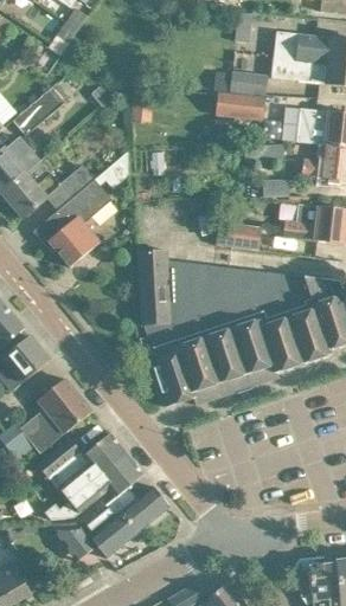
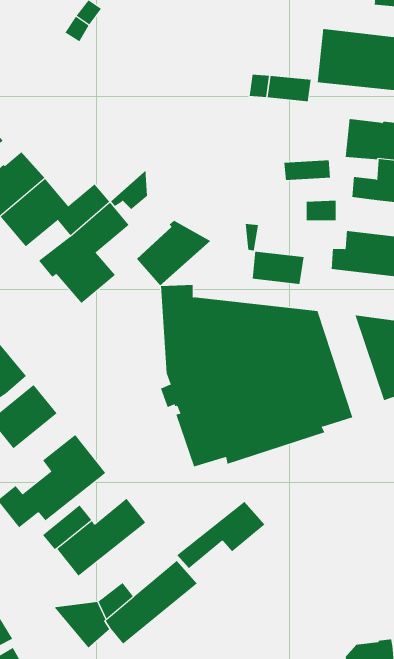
building: [12,83,69,135] -> none
building: [214,94,264,118] -> none
building: none -> [136,220,211,286]
building: [273,272,331,363] -> none
building: [68,453,143,511] -> [176,501,265,569]

